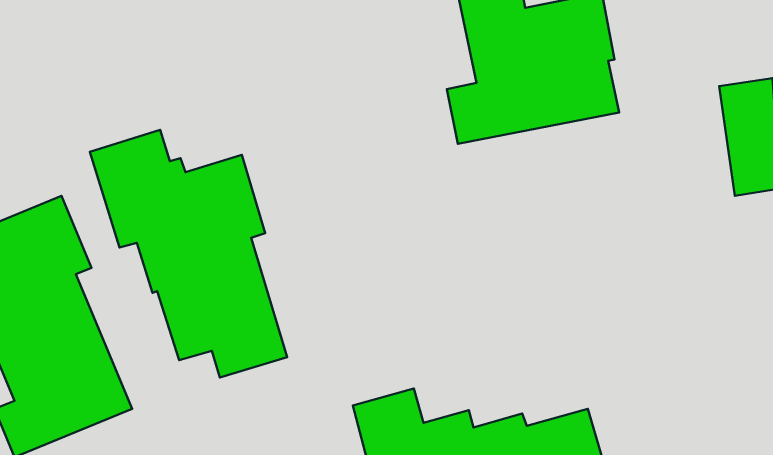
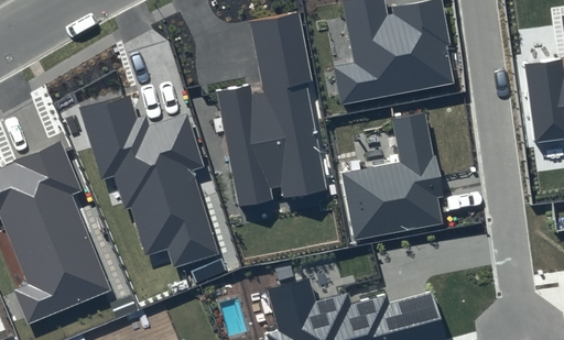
building: none -> [215,13,328,208]
building: none -> [341,113,444,241]

